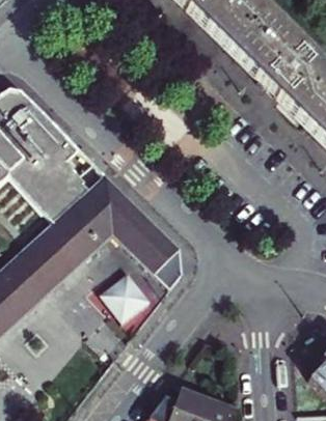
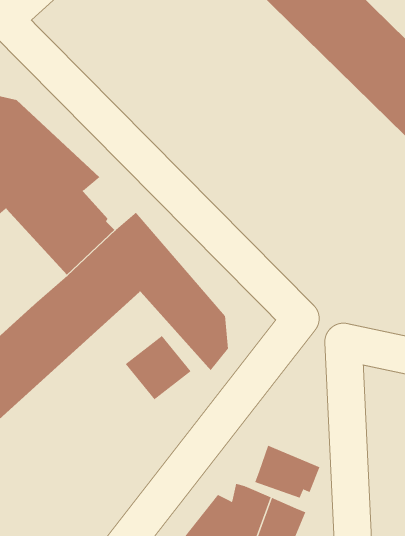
building: none -> [255,445,320,499]

